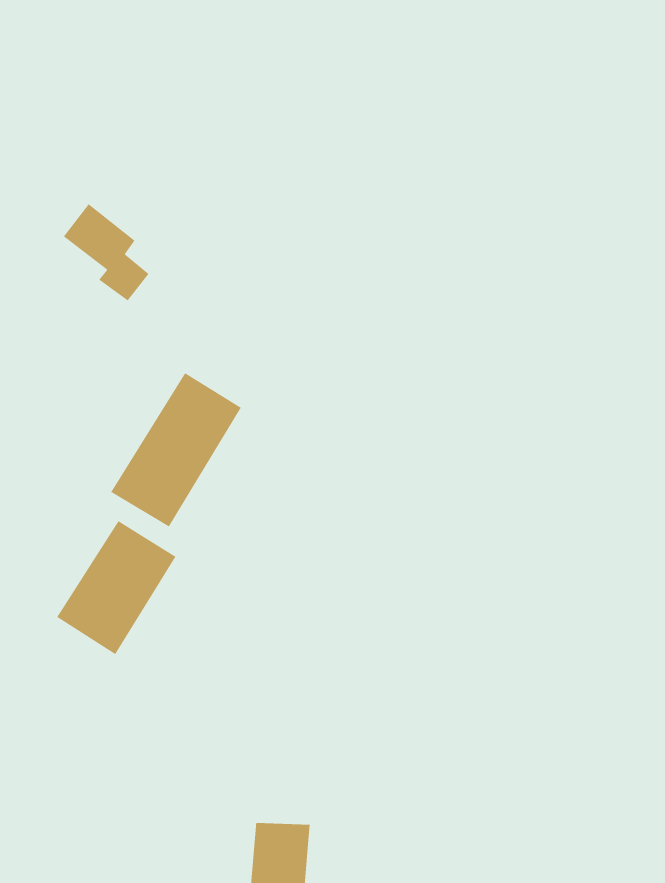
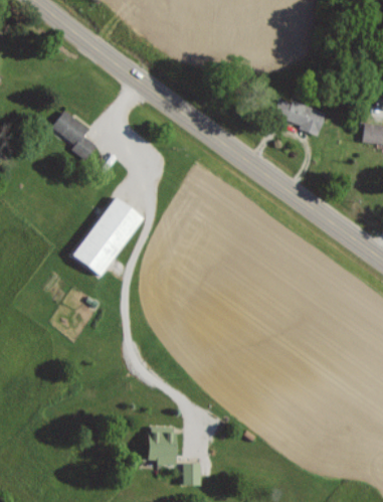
building: none -> [277,97,326,135]
building: [56,520,177,655] -> none

